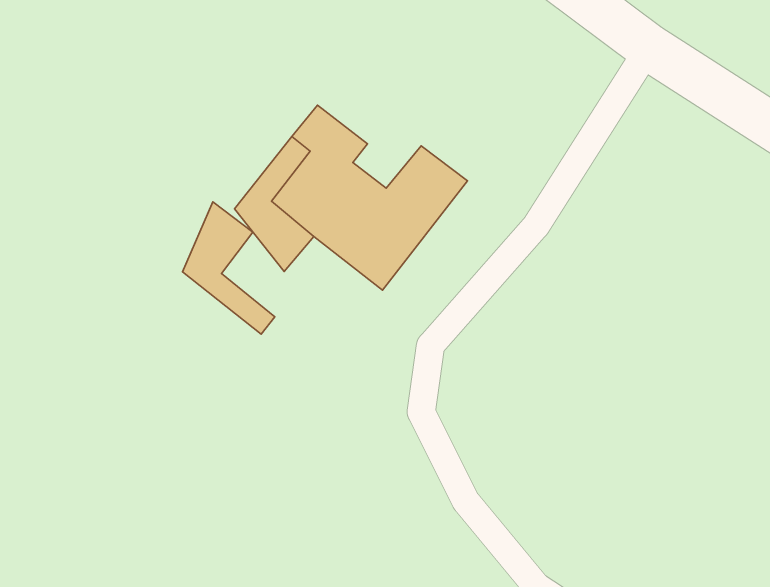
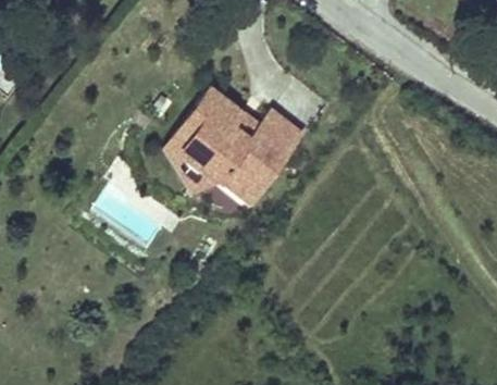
building: [183,202,275,334] -> none

